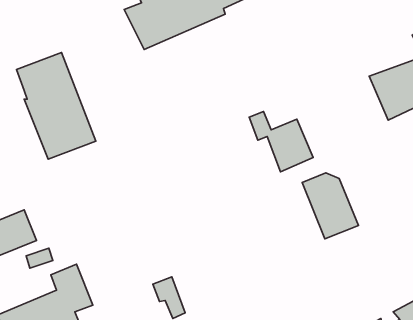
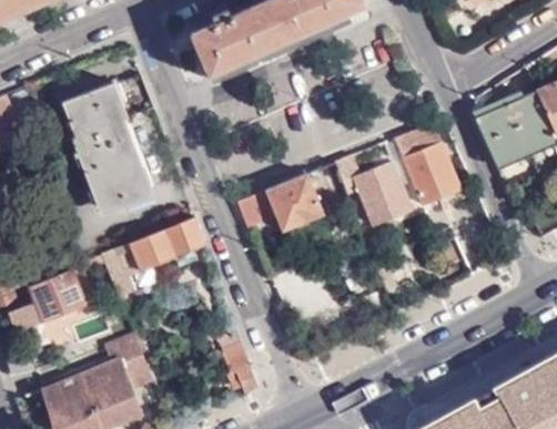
building: none -> [236,172,323,231]
building: none -> [103,218,206,296]
building: [302,173,358,239] -> [392,125,457,202]

